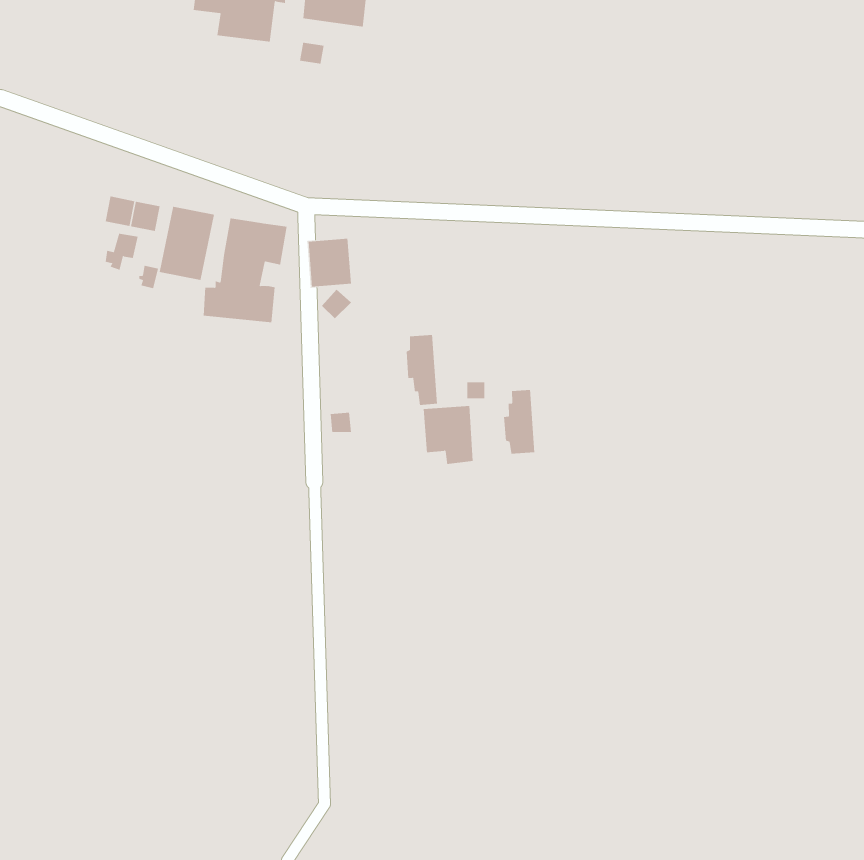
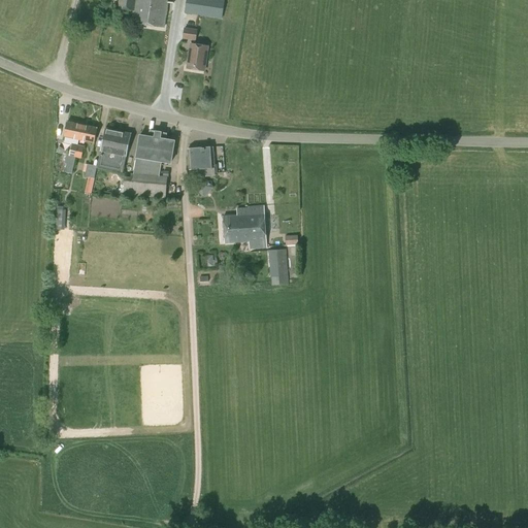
building: none -> [187,41,208,69]
building: none -> [223,206,256,248]
building: [503,389,535,455] -> none

